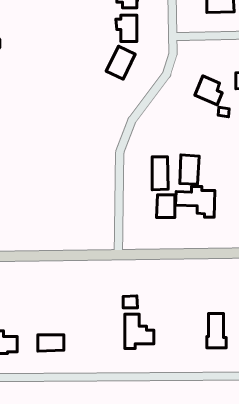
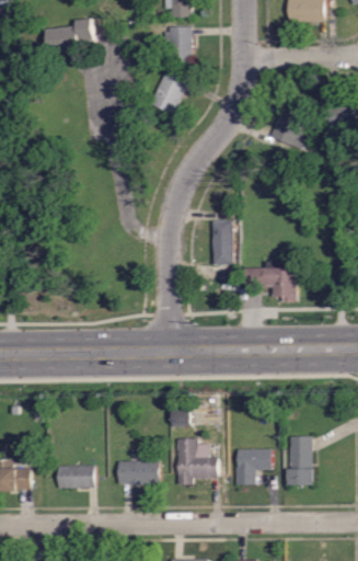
building: none -> [47,20,94,55]
building: [180,155,199,184] -> none
building: [157,195,175,218] -> none
building: none -> [235,447,270,483]
building: none -> [117,459,158,483]

